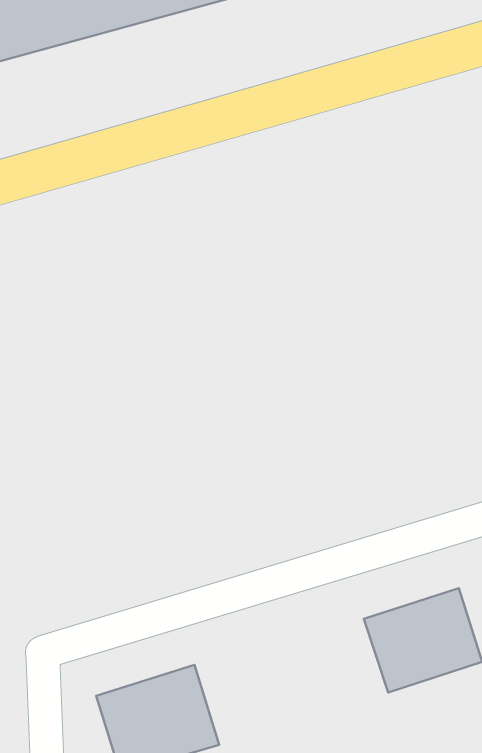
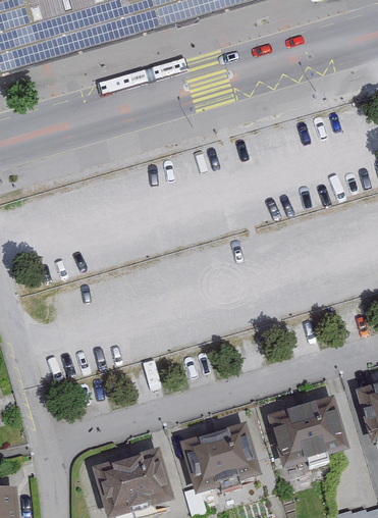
building: none -> [180,424,257,494]

